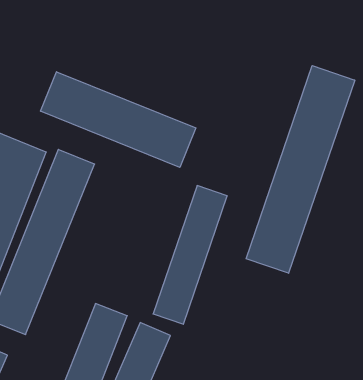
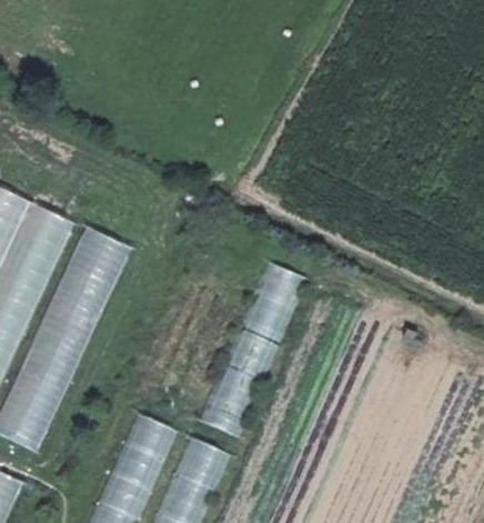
building: [246,66,355,273] -> none
building: [41,72,196,167] -> none

